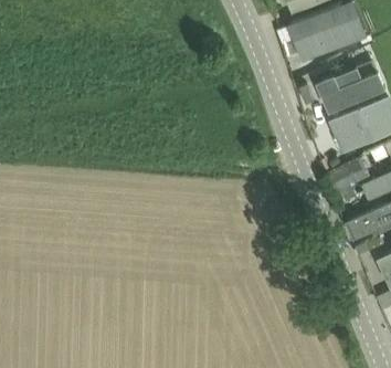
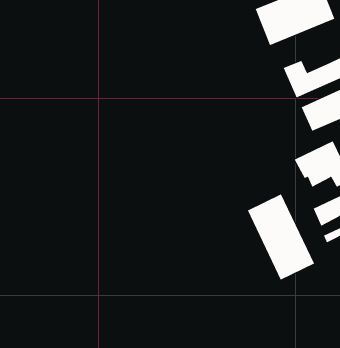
building: none -> [247,194,315,281]

